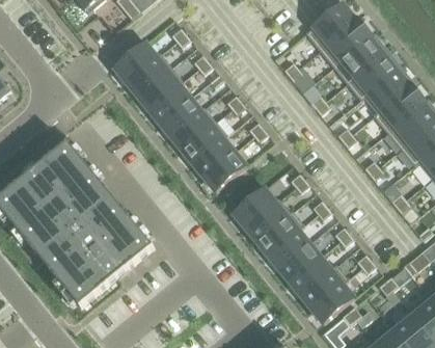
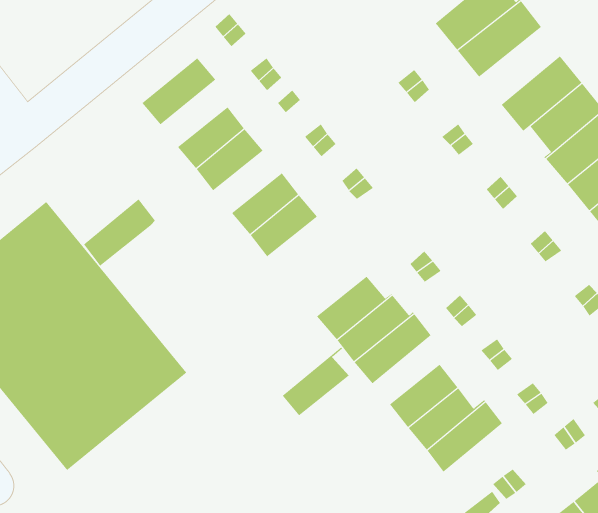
building: [332,34,382,82] -> none
building: [114,42,160,81] -> none
building: [137,66,182,108] -> [83,199,156,266]
building: [169,110,212,149] -> none
building: [202,151,245,190] -> none
building: [267,223,308,266] -> [282,347,350,416]
building: [310,277,353,321] -> none

